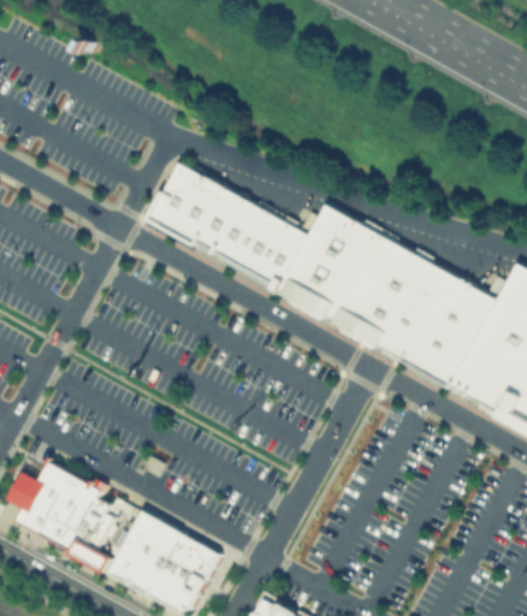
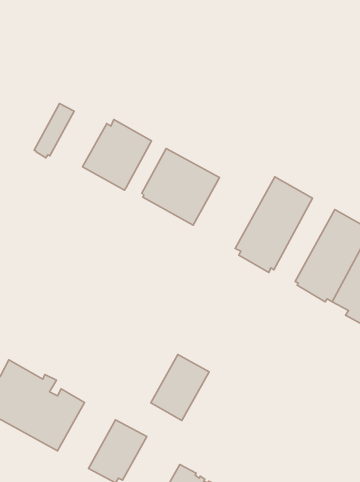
building: [196,188,245,255] -> [34,104,74,158]
building: [279,203,380,321] -> none
building: [379,259,455,362] -> none
building: [111,513,183,594] -> [151,354,209,420]

